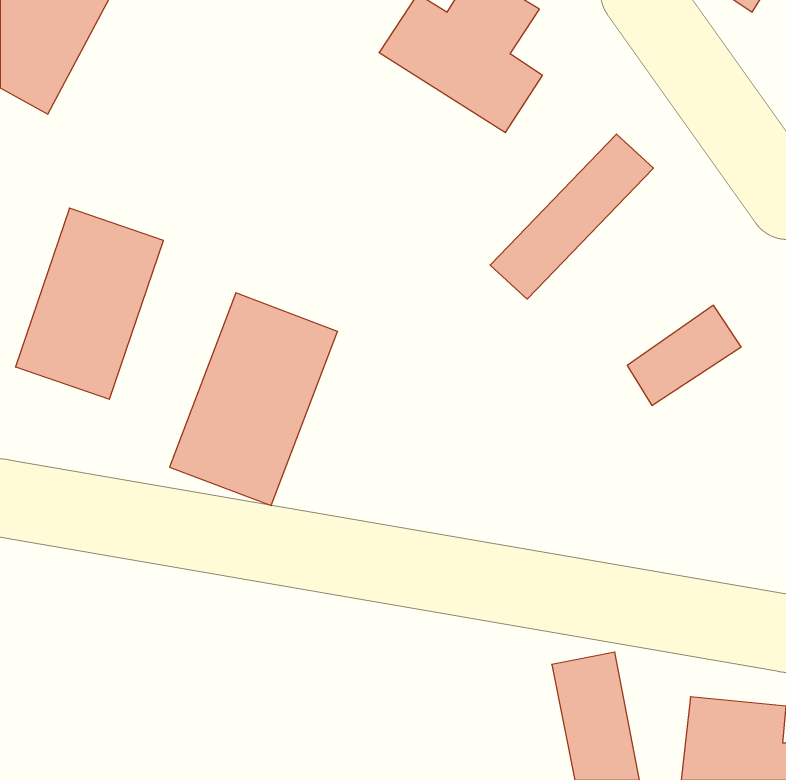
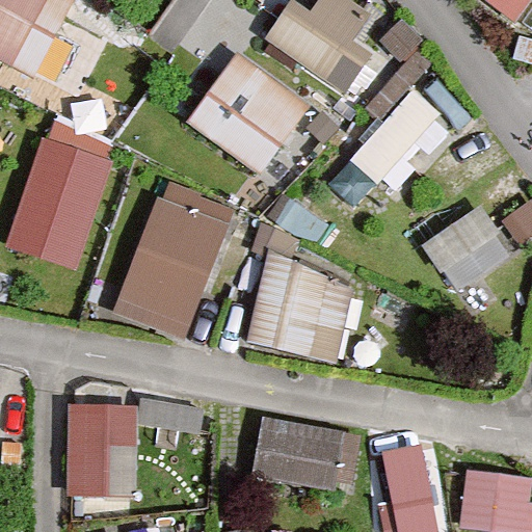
building: none -> [180,51,301,171]
building: none -> [243,247,343,357]
building: none -> [70,405,137,499]
building: none -> [257,419,363,488]

